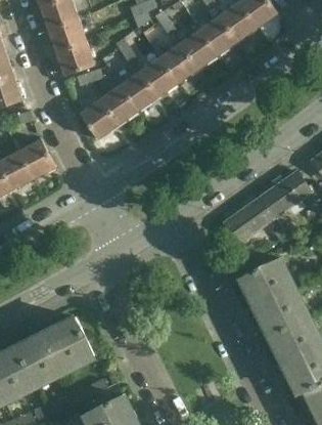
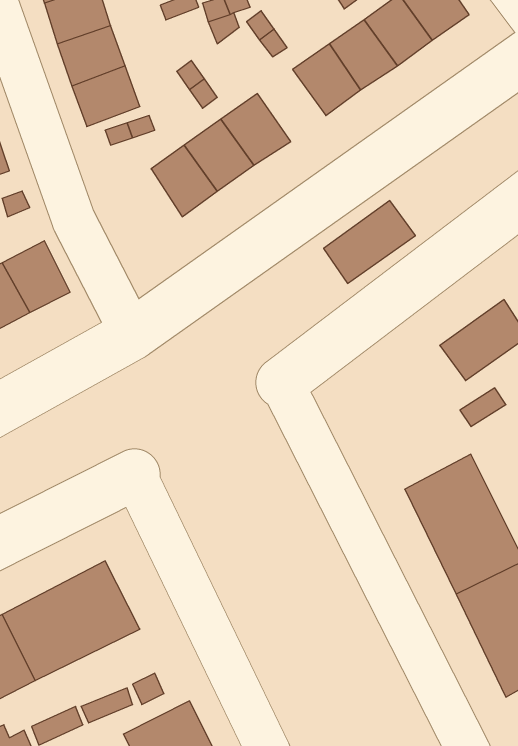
building: [159,44,197,84] -> none
building: [80,99,118,139] -> none
building: [224,198,275,244] -> [324,201,415,283]

